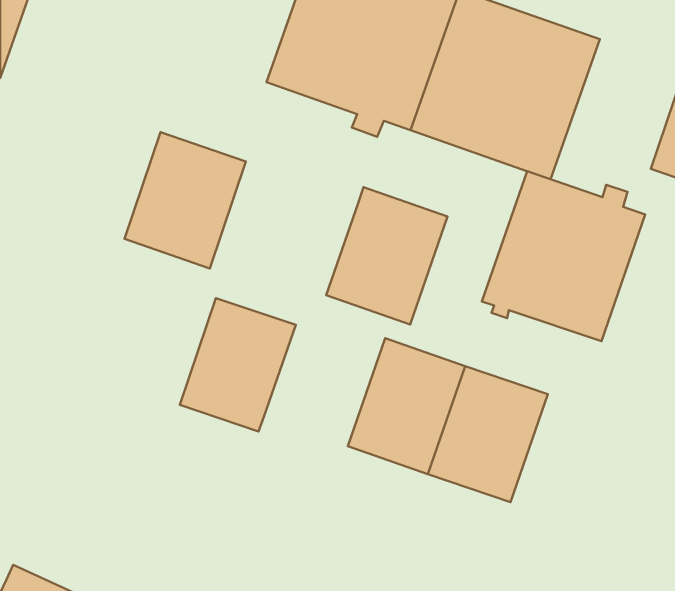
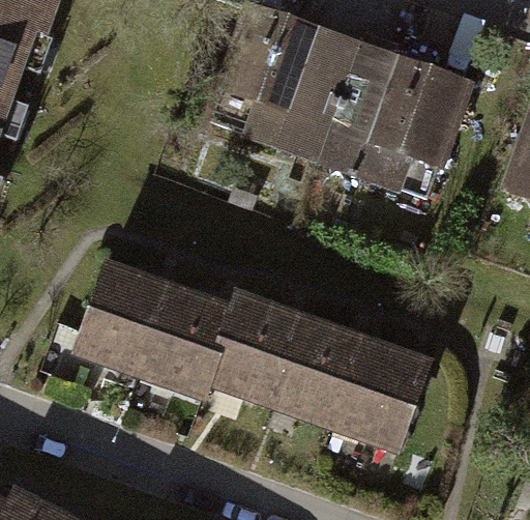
building: [125,132,246,268] -> [76,264,170,370]
building: [482,171,645,341] -> none
building: [326,187,448,324] -> [207,295,301,402]

